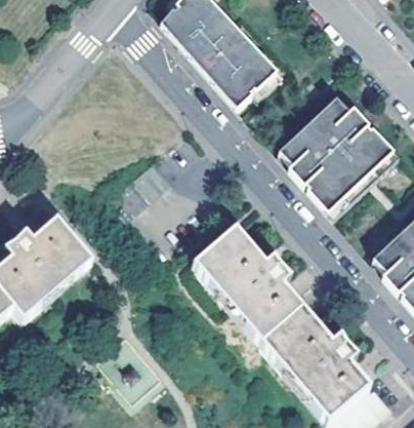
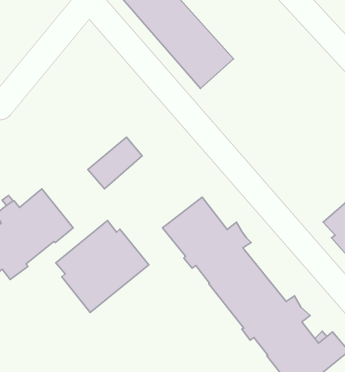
building: [280,98,394,210] -> none
building: none -> [56,220,149,313]

